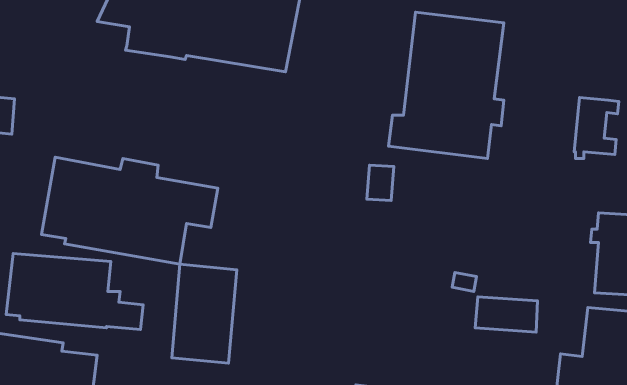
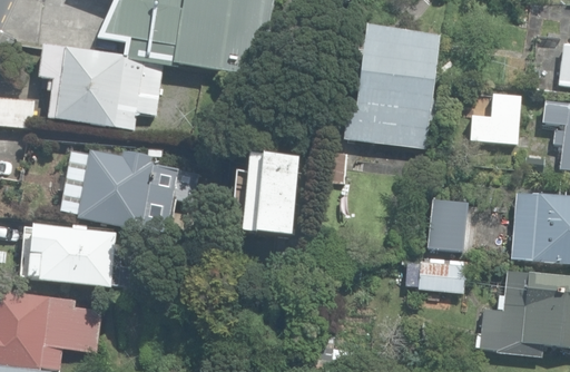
building: none -> [38,47,163,128]
building: none -> [425,200,466,252]
building: [172,264,237,363] -> [243,154,296,235]

